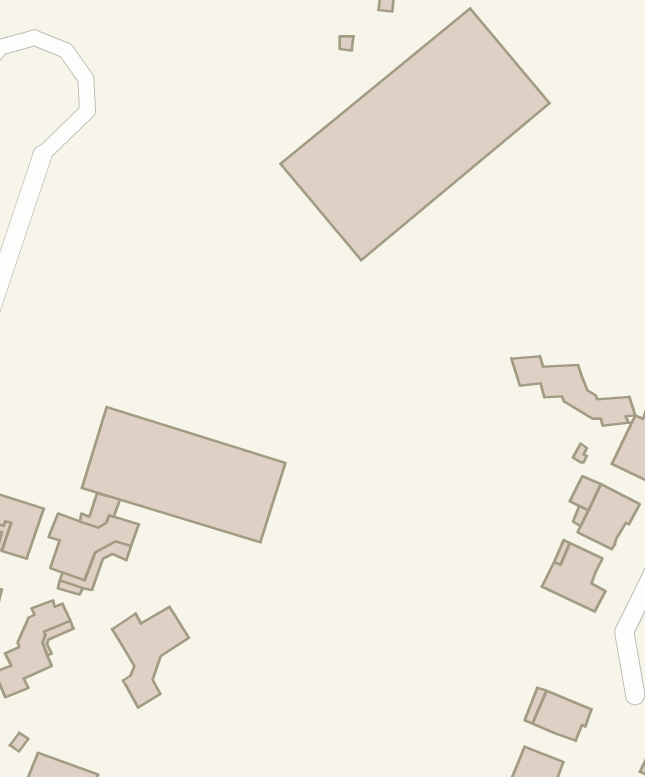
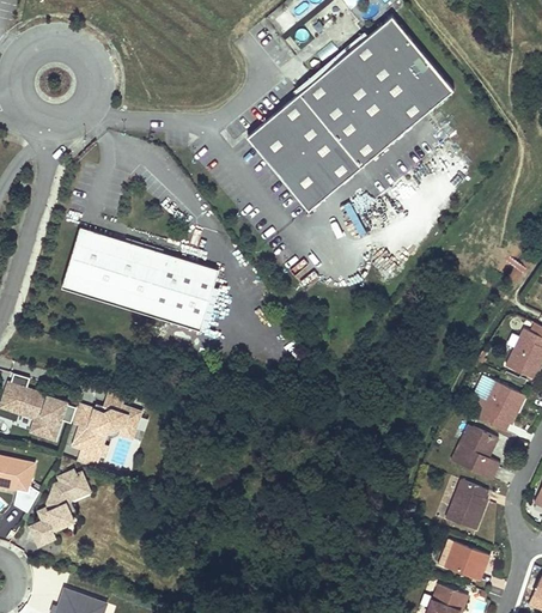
building: [511,356,635,426] -> none
building: [82,407,285,542] -> [62,225,219,329]
building: [112,607,189,708] -> none
building: none -> [445,480,488,530]

